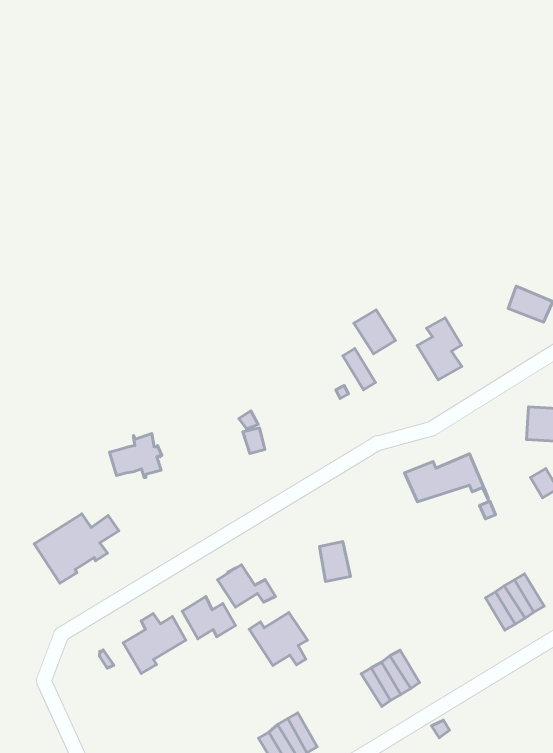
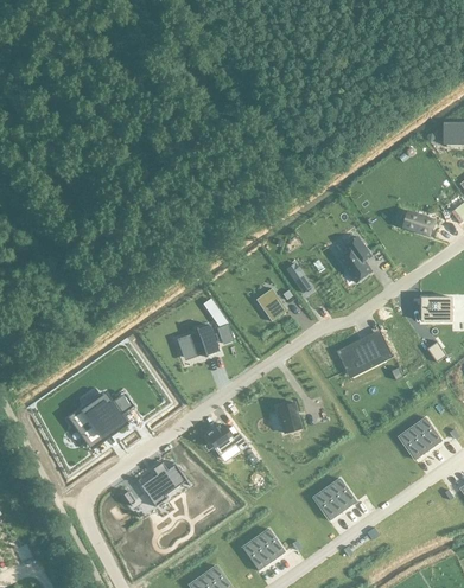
building: [354,310,396,354] -> [255,288,286,320]
building: [110,433,162,477] -> [179,324,217,356]
building: [182,597,235,639] -> none
building: [249,612,307,666] -> none

